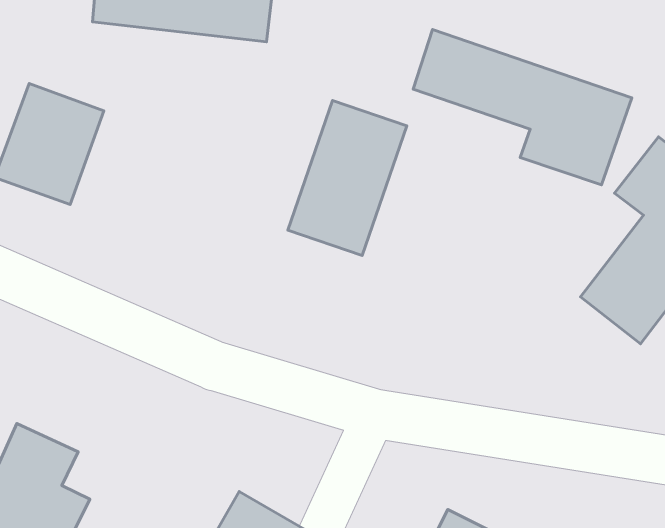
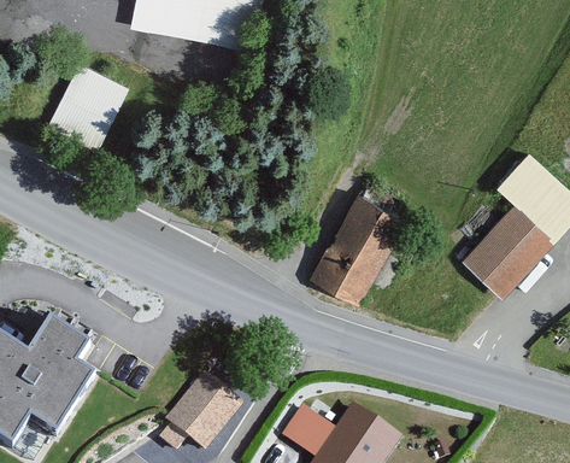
building: [413,30,632,185] -> none
building: [288,100,407,256] -> [311,183,405,298]

